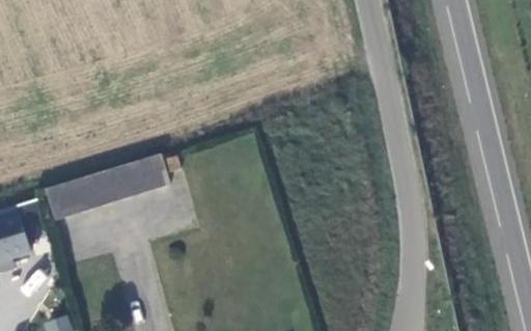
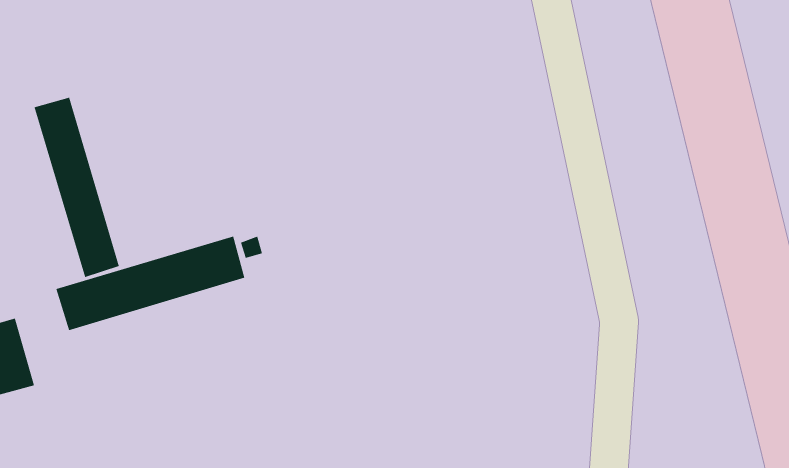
building: none -> [34,97,119,278]

